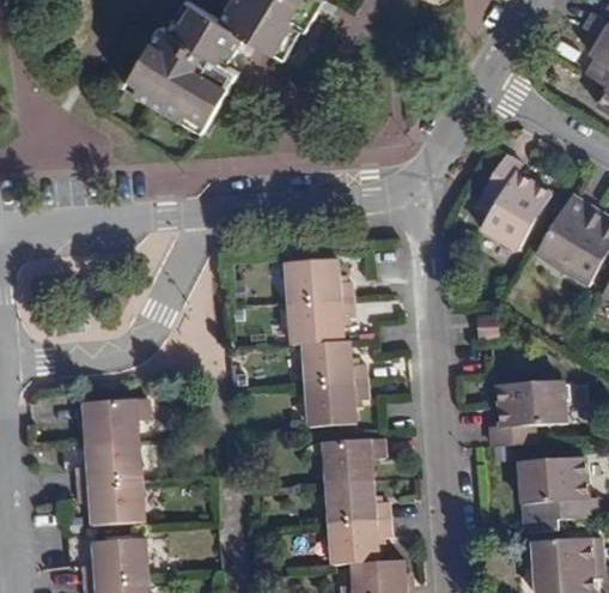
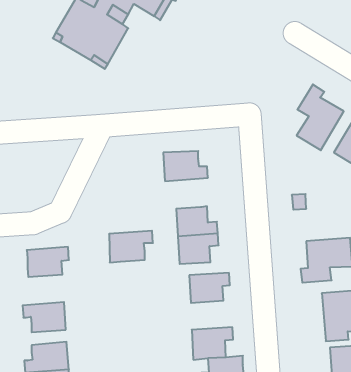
building: [287,294,352,340] -> [109,231,153,262]
building: [77,436,139,482] -> none
building: [325,474,386,518] -> none

